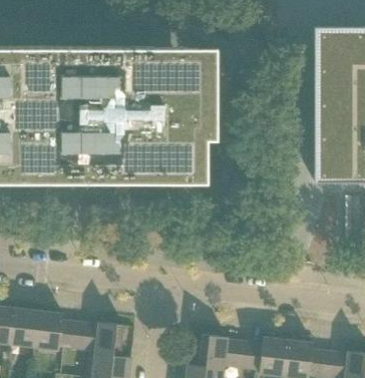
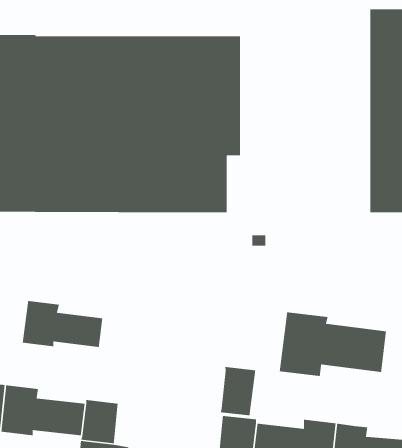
building: none -> [22,300,103,348]
building: none -> [279,312,387,377]
building: none -> [220,366,256,416]

